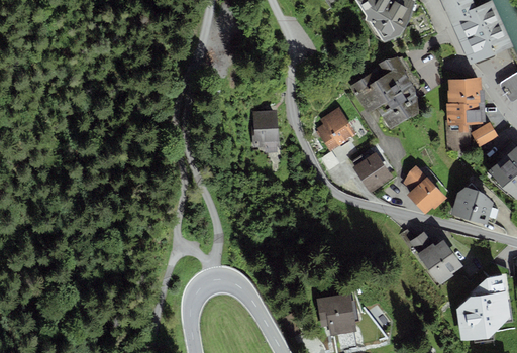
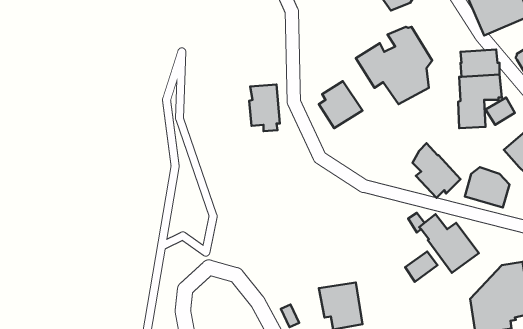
building: [352,149,393,194] -> none
building: none -> [405,252,437,282]

